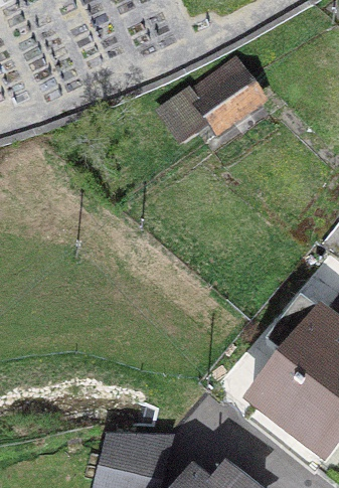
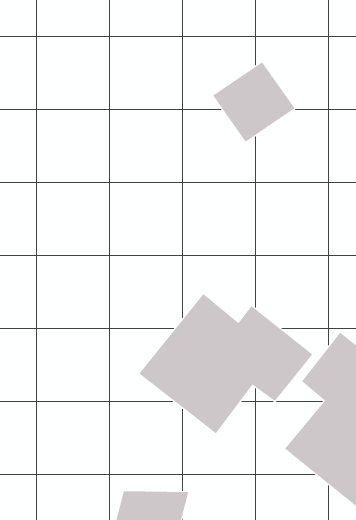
building: none -> [139,293,313,434]

